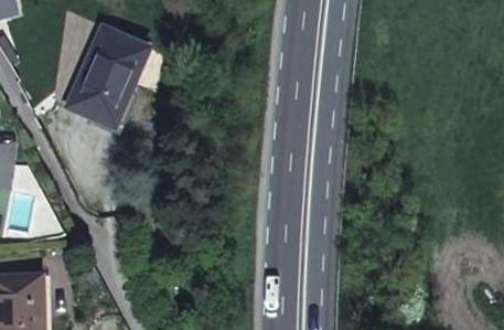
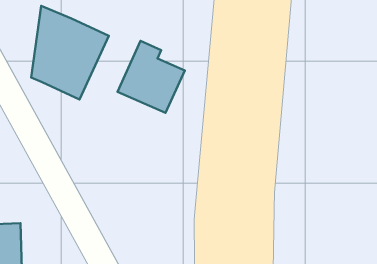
building: none -> [118,41,185,113]

